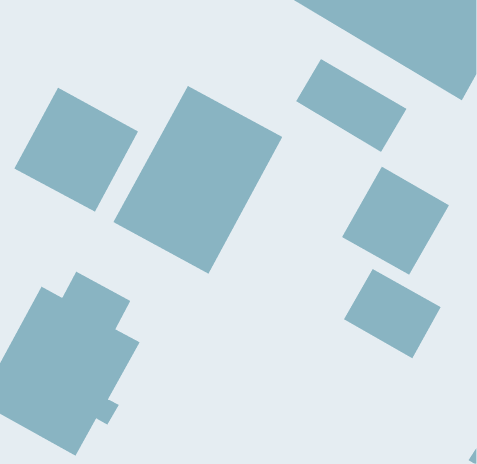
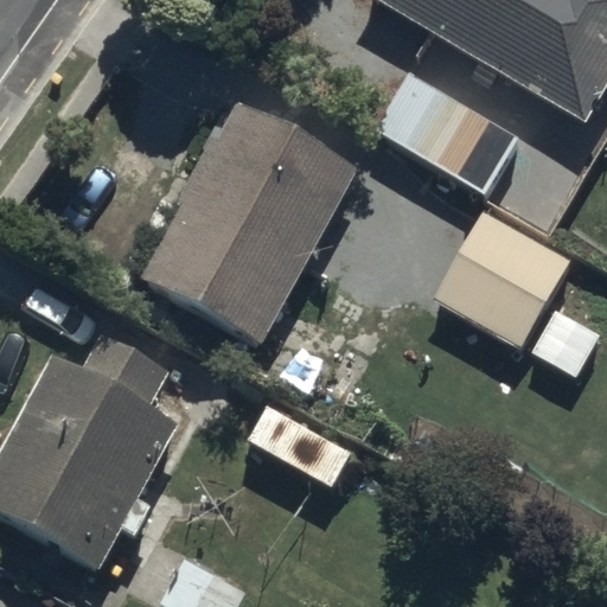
building: [13,87,139,212] -> none
building: [343,268,441,359] -> none

